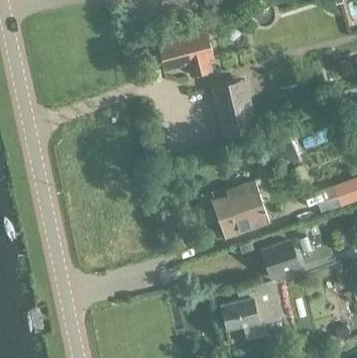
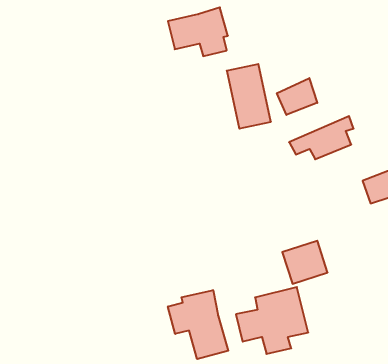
building: none -> [277,78,317,115]
building: [211,182,269,239] -> none
building: none -> [168,290,228,359]

